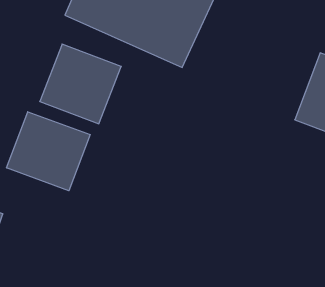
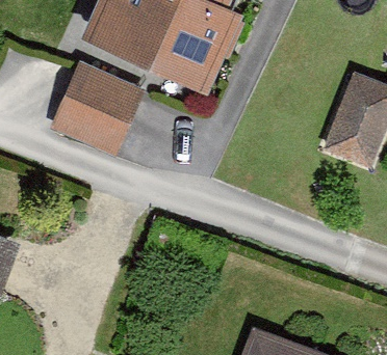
building: [7,112,90,191] -> none

